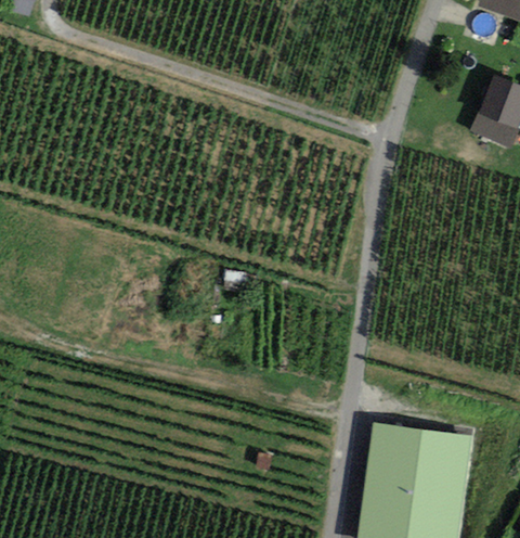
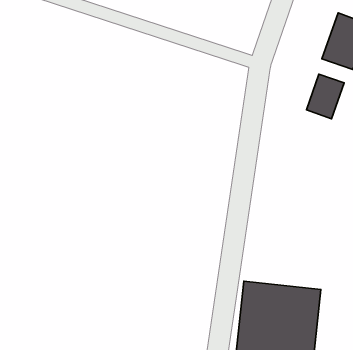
building: none -> [306,74,344,119]

